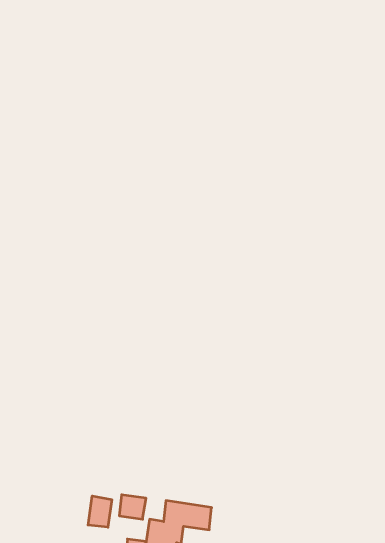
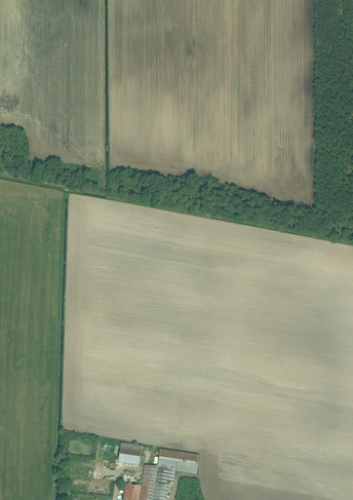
building: [88,496,112,527] -> none

